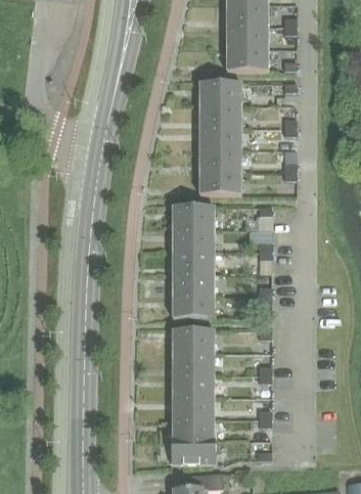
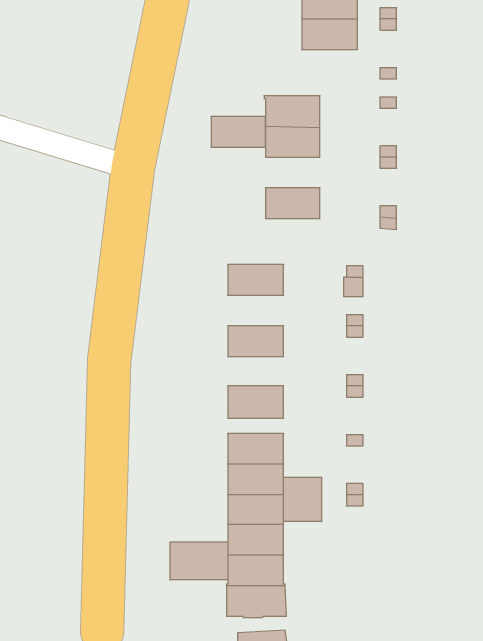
building: [227,47,268,70] -> none
building: [200,126,240,148] -> [211,117,265,147]
building: [199,171,240,193] -> none
building: [173,227,214,250] -> none
building: [173,272,214,294] -> none
building: none -> [284,477,322,522]
building: none -> [170,542,228,580]

